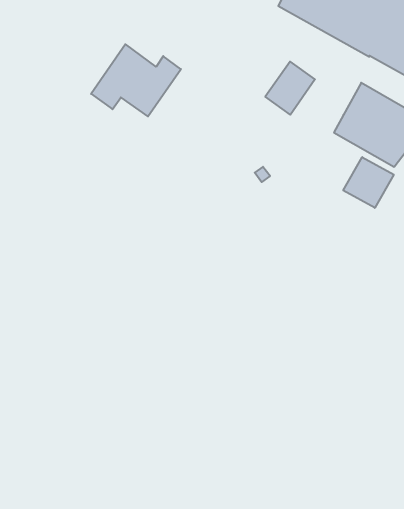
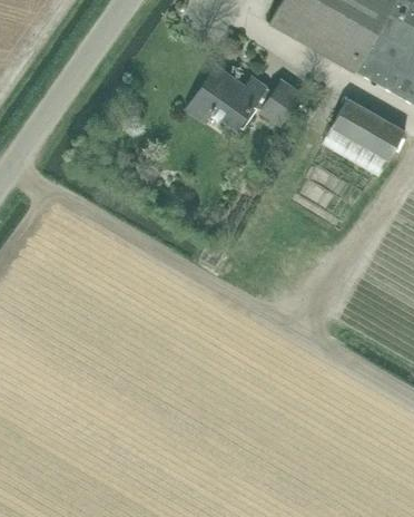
building: [91,44,181,116] -> [184,64,268,131]
building: [343,157,394,208] -> none

